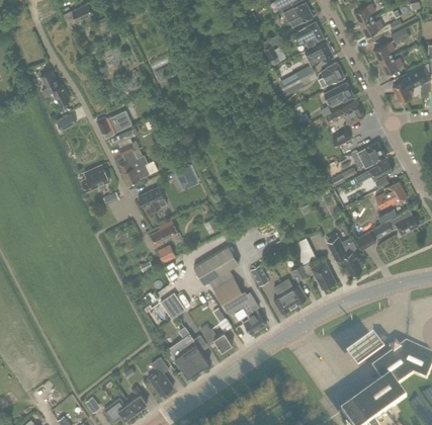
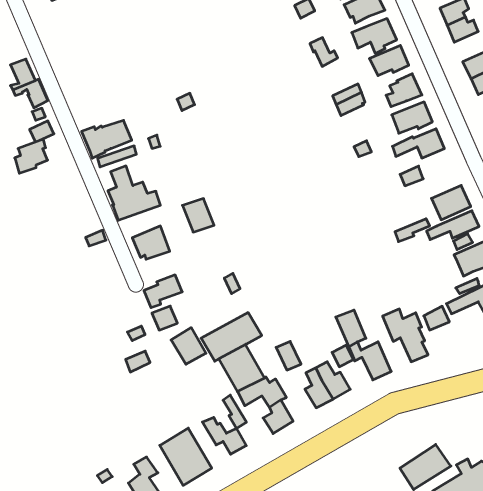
building: [82,164,106,190] -> [15,139,48,173]
building: [160,290,186,318] -> [171,328,206,364]

